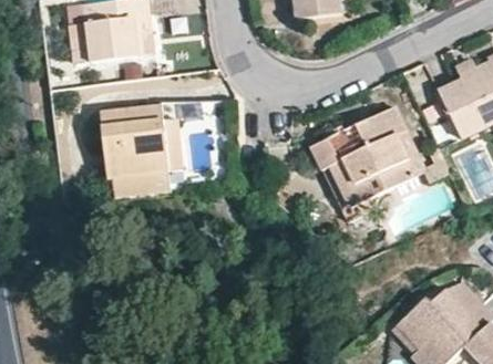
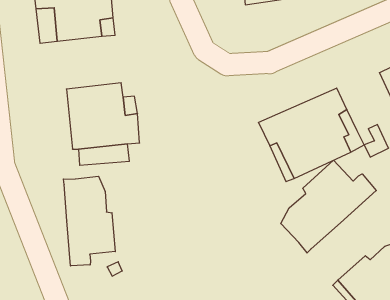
building: none -> [281,160,376,253]
building: none -> [63,176,115,266]

